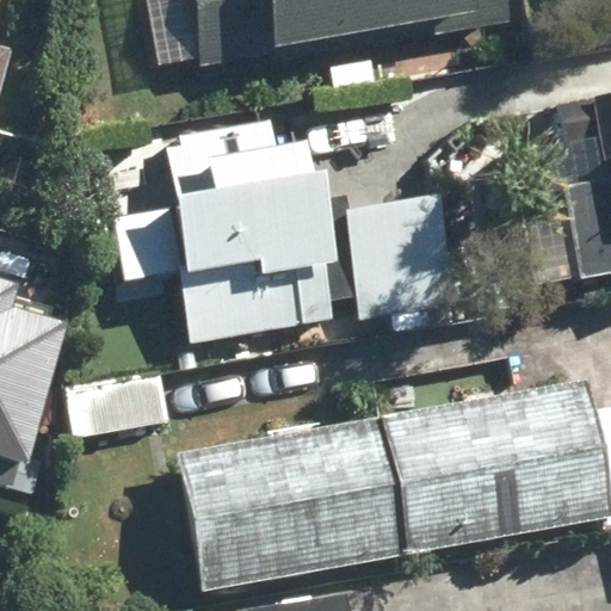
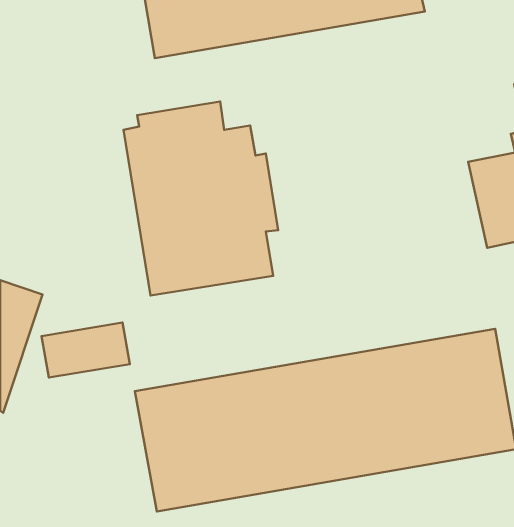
building: [342,197,459,320] -> none

